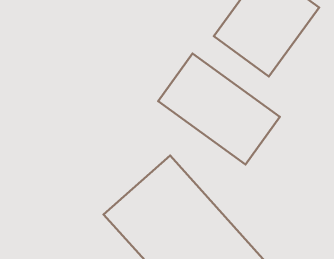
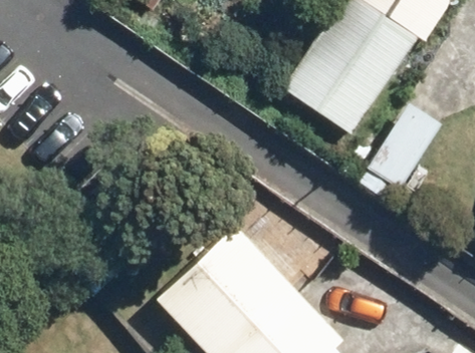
building: [158,54,280,164] -> none

